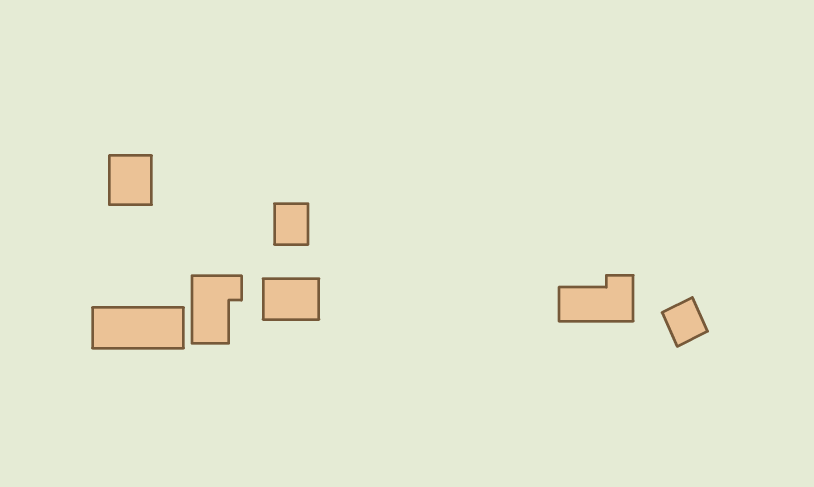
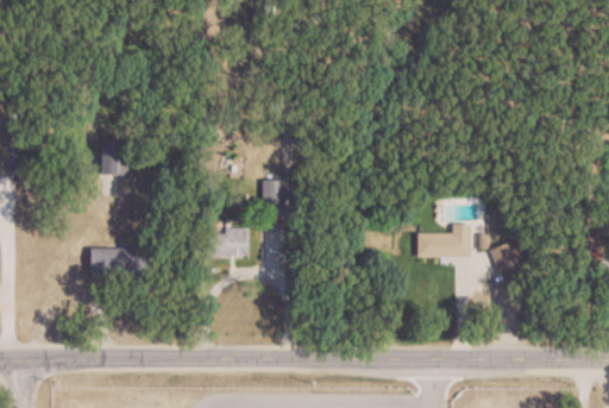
building: [274,204,308,244] -> [262,180,285,208]
building: [192,276,241,343] -> none

